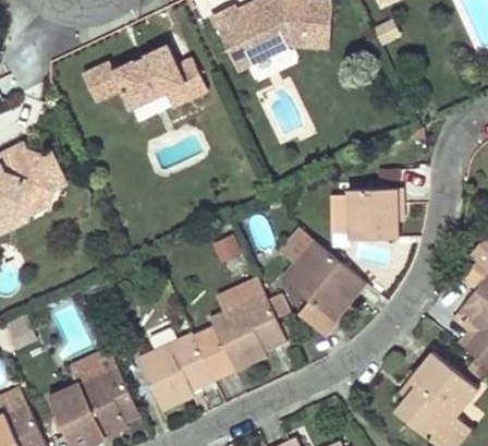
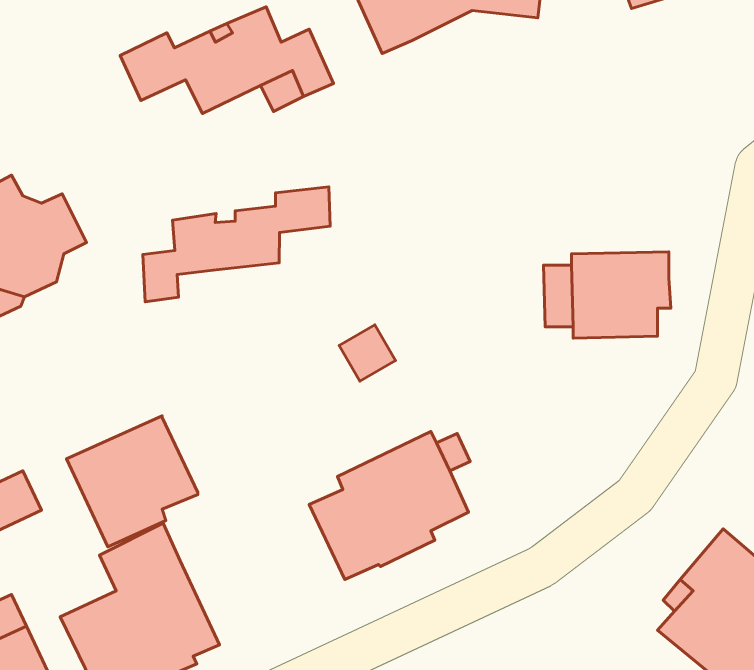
building: none -> [143,187,330,302]
building: [280,228,364,335] -> none
building: [137,334,213,410] -> [67,416,198,547]

